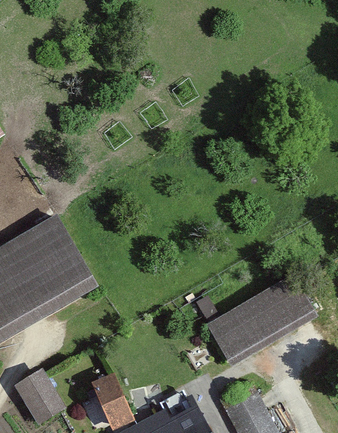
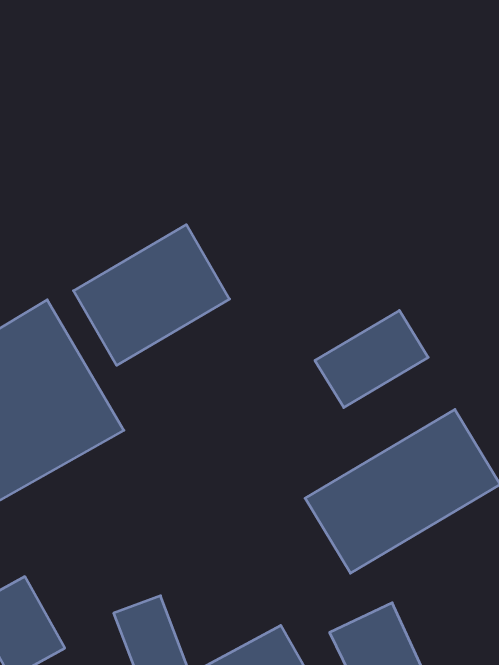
building: none -> [73,225,230,365]
building: none -> [315,310,428,408]

